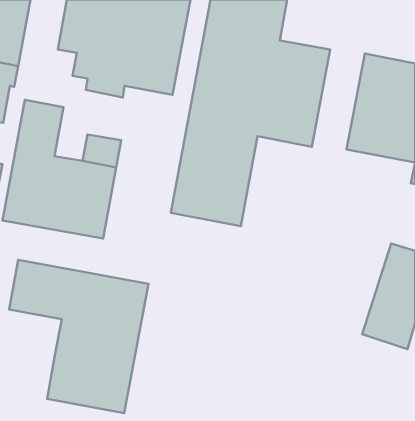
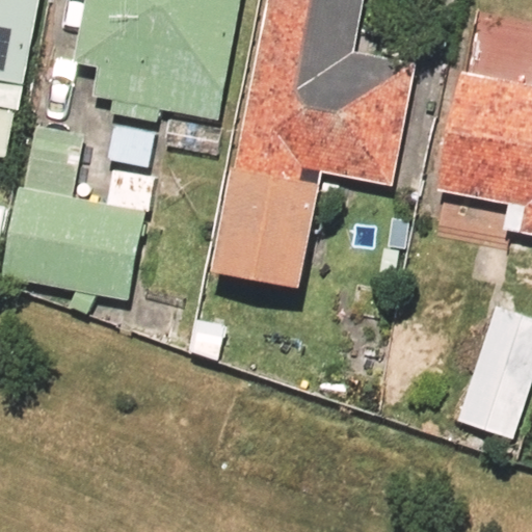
building: [9,260,149,413] -> none

